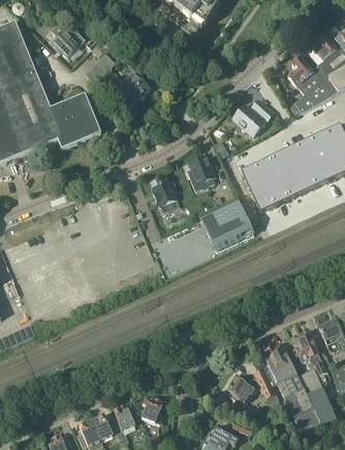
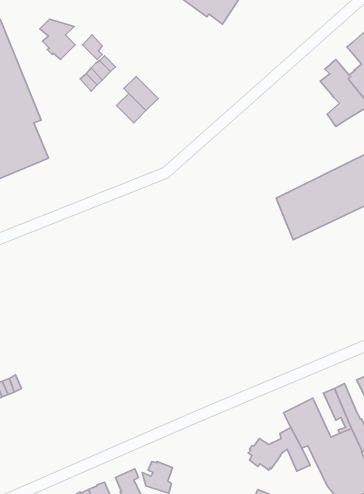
building: [44,93,101,150] -> none
building: [232,99,273,130] -> none
building: [186,155,214,190] -> none
building: [149,173,177,205] -> none
building: [200,199,253,251] -> none

